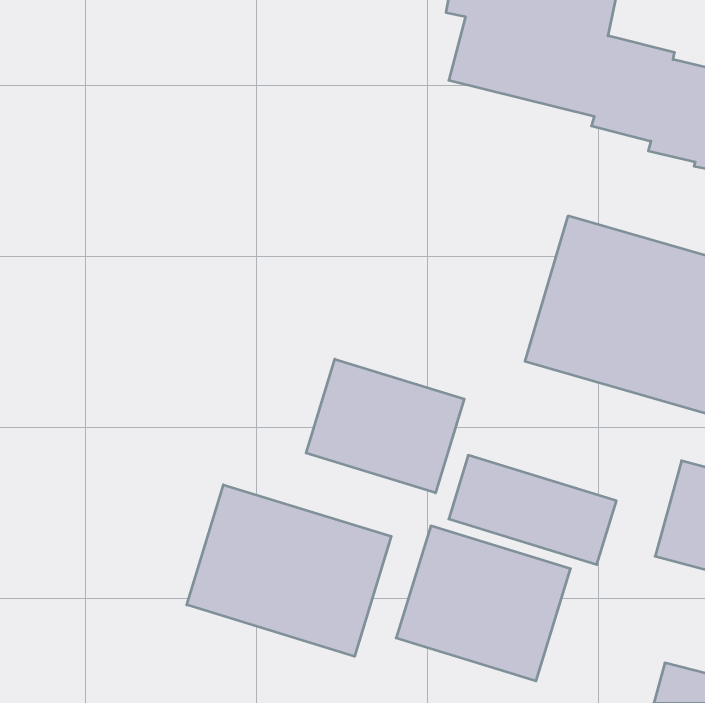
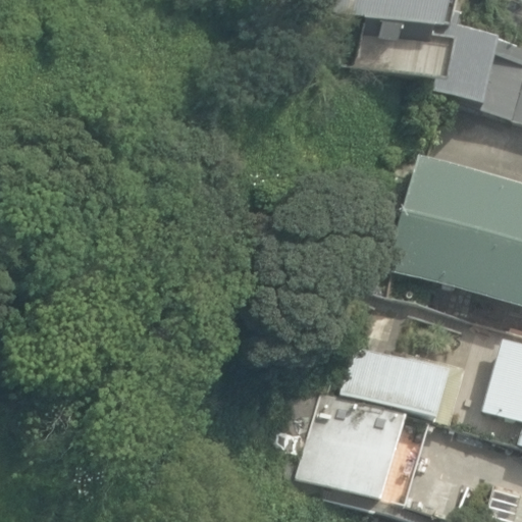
building: [306,359,464,493] -> none
building: [187,485,391,656] -> none

